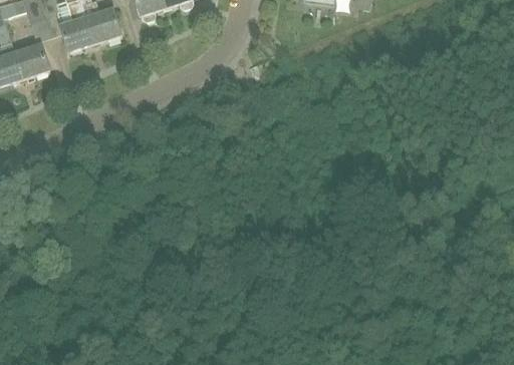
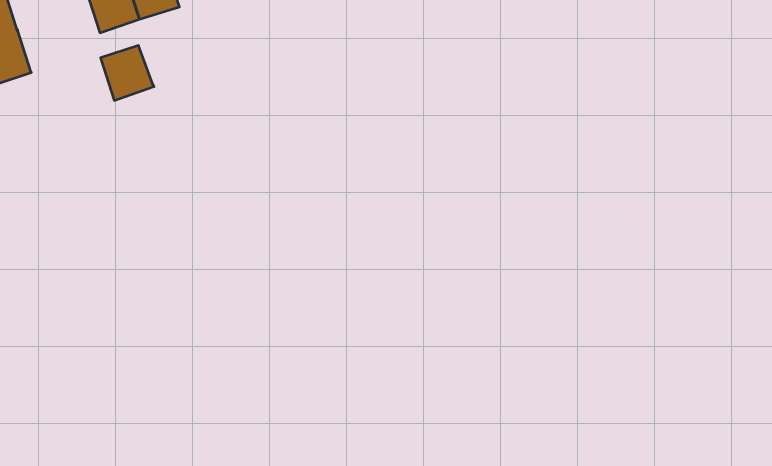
building: [14,43,49,79] -> [101,46,154,100]

